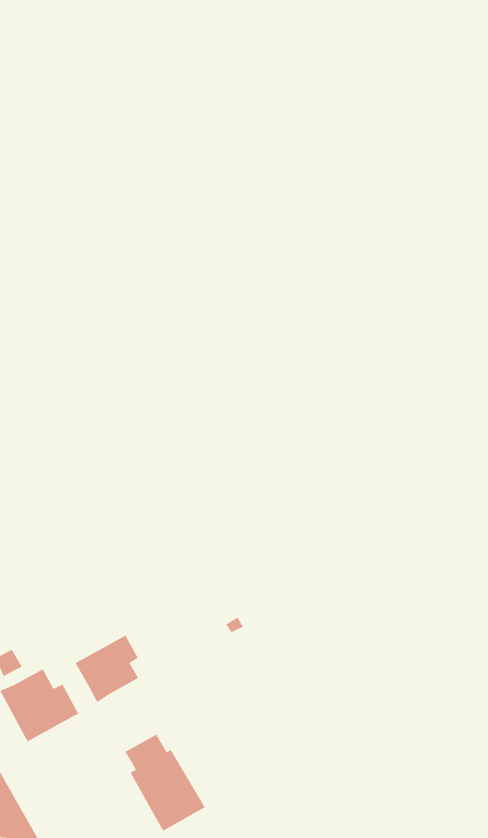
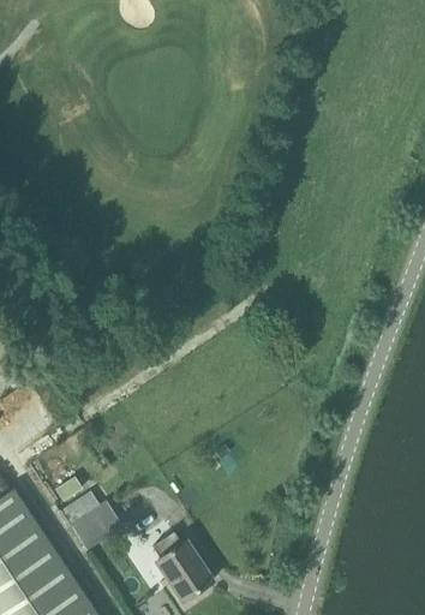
building: [75,635,139,703] -> none

